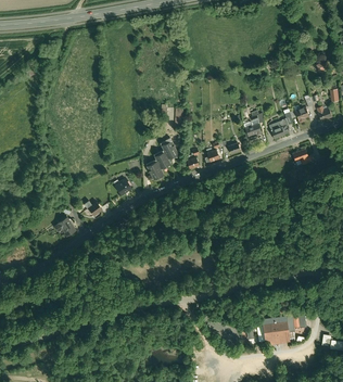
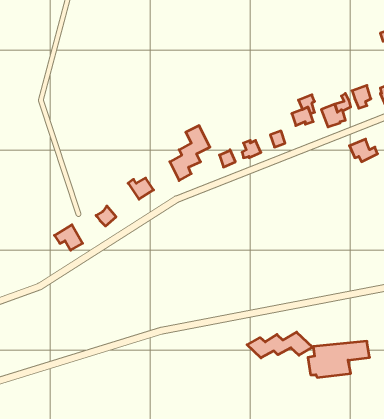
building: none -> [247,332,313,358]

